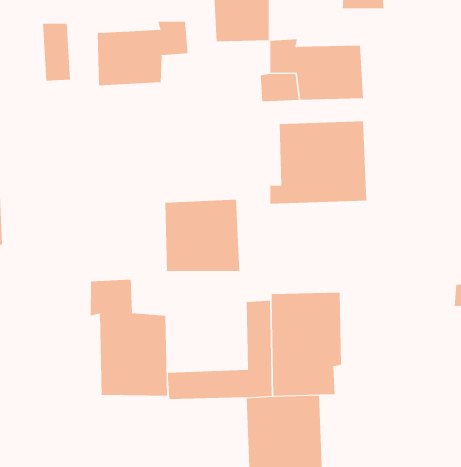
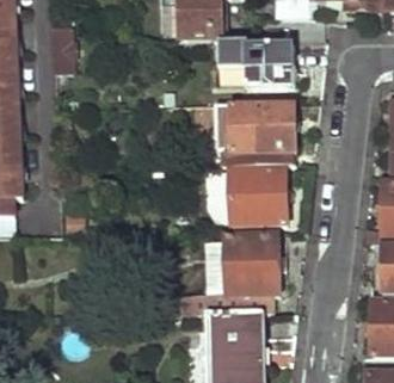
building: [97,21,188,86] -> none
building: [164,199,240,272] -> [229,167,287,222]
building: [90,279,167,397] -> none

